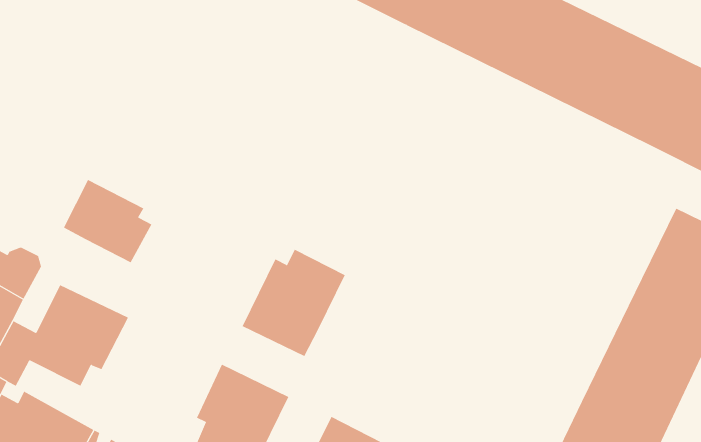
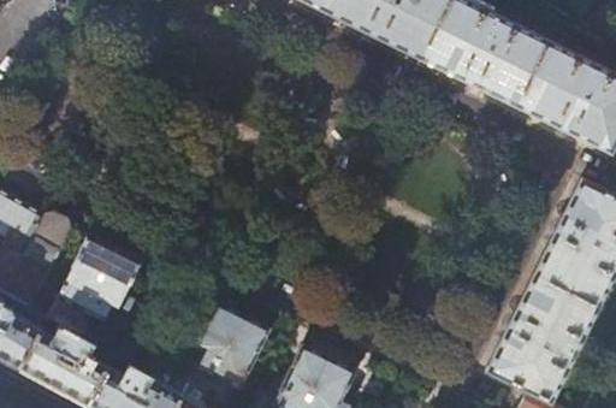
building: [63,179,152,263] -> none
building: [242,249,345,357] -> none

